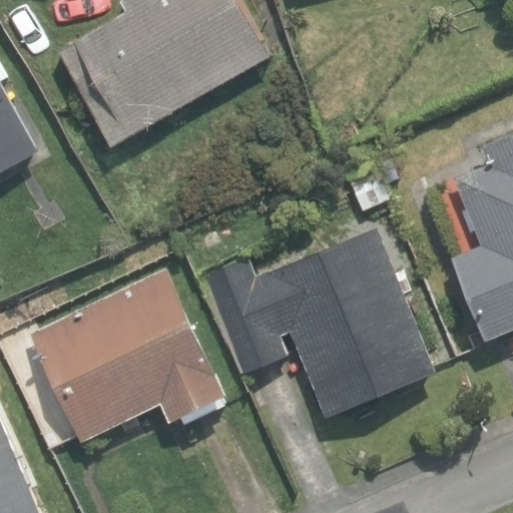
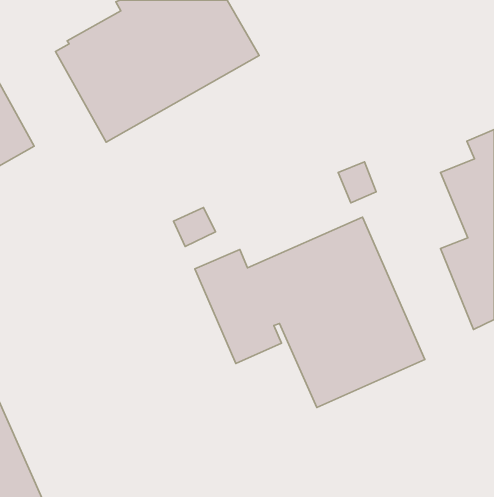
building: [31,269,228,442] -> none

